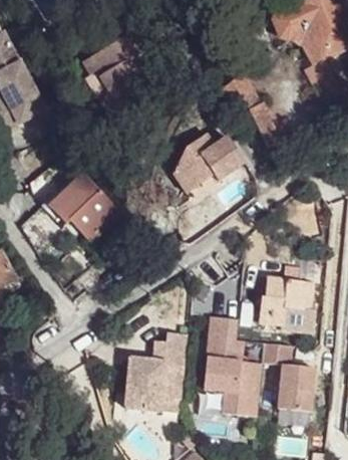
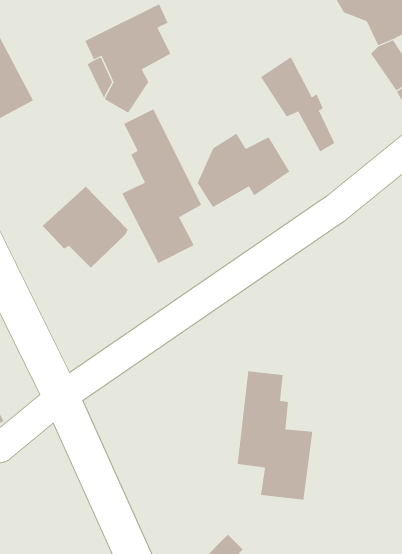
building: none -> [121,109,202,264]
building: [261,272,315,333] -> none
building: [121,330,187,409] -> none
building: [261,343,313,414] -> none

